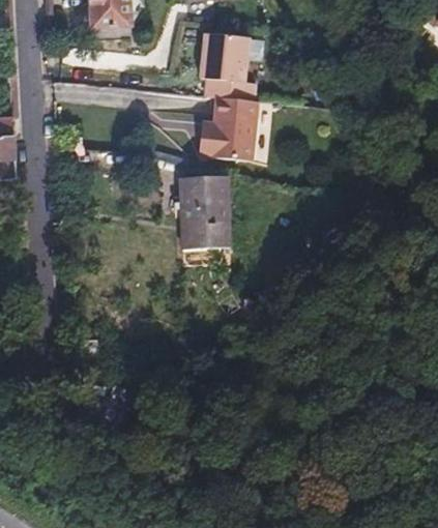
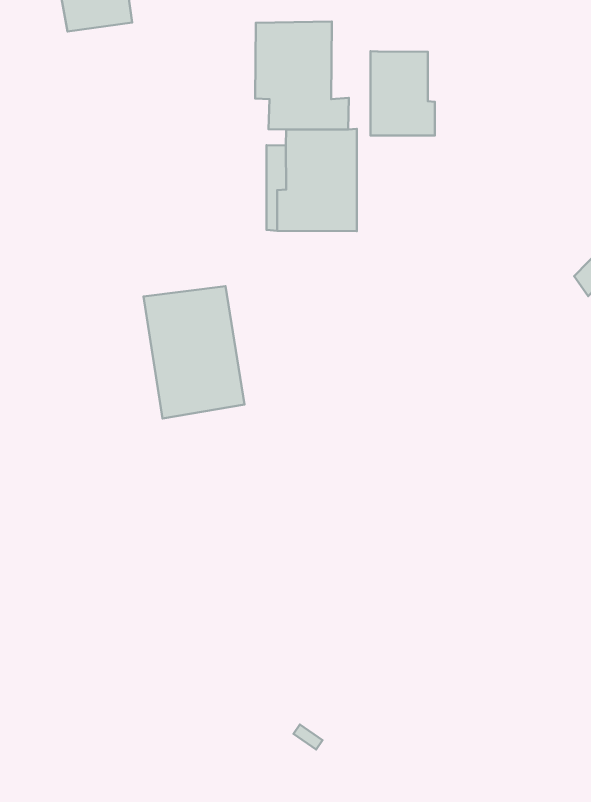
building: none -> [371,51,435,136]
building: [180,176,234,251] -> [143,286,244,418]

